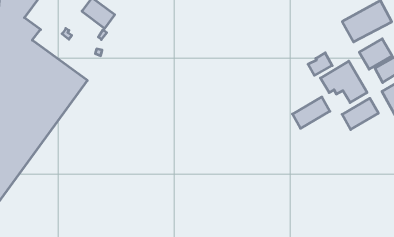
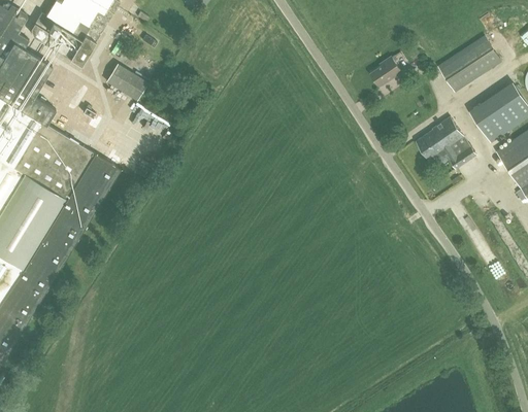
building: [308,53,332,75] -> [370,57,401,87]
building: [292,97,330,128] -> none
building: [342,98,378,130] -> none

